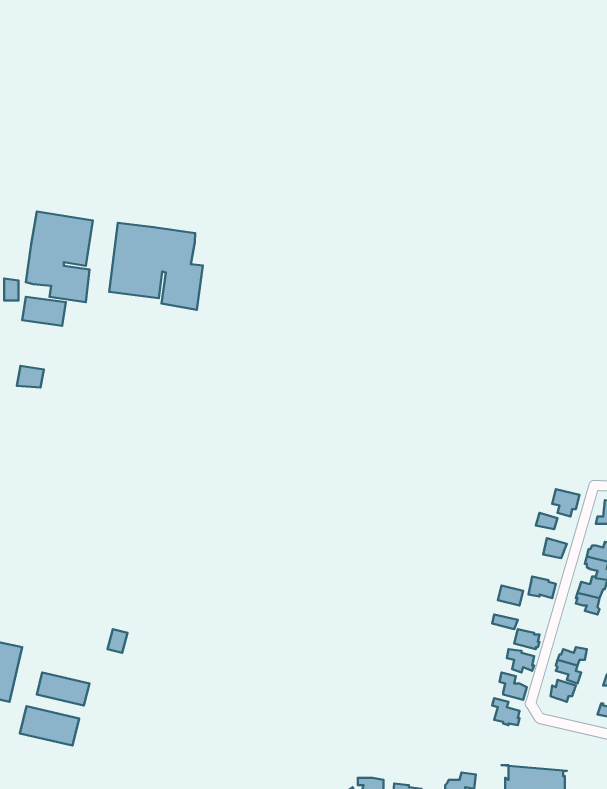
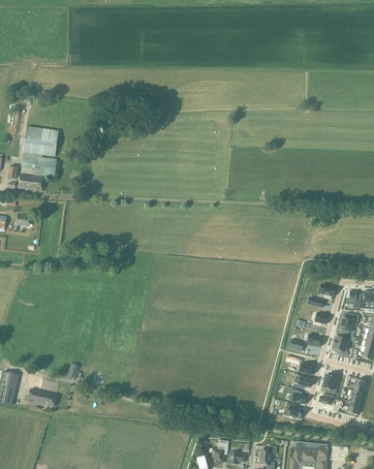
building: [109,223,203,310] -> none
building: [20,706,79,746] -> none

